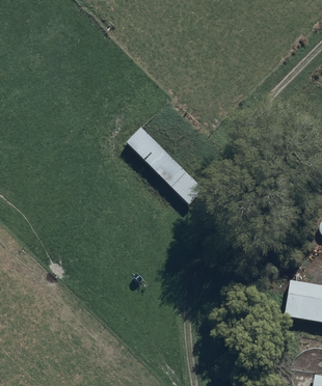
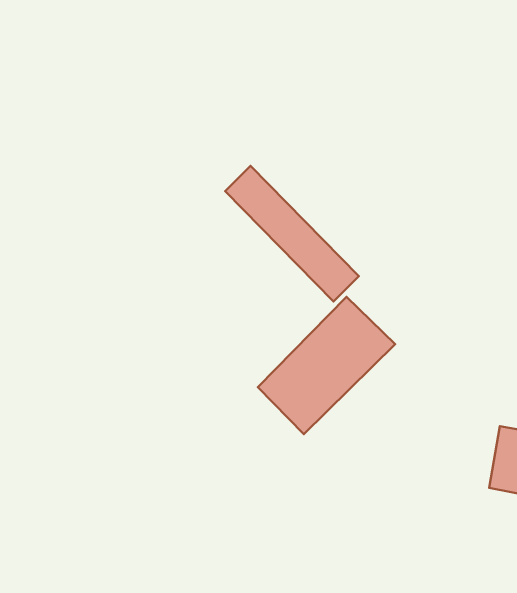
building: none -> [258,297,395,434]

